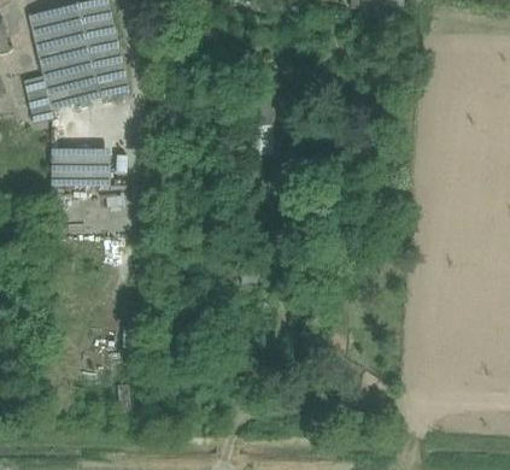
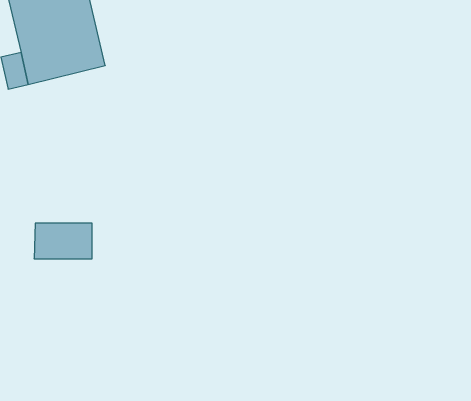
building: [51,147,110,183] -> [34,223,92,259]

